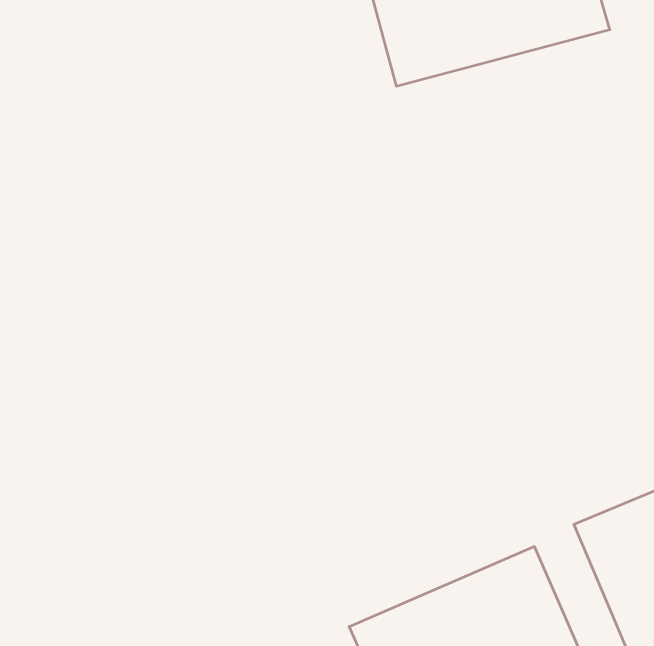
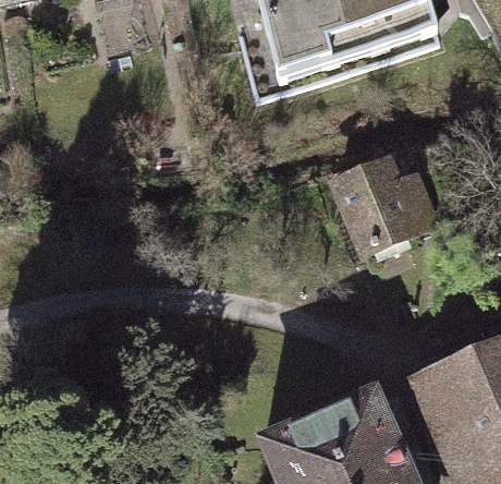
building: none -> [332,143,451,254]

